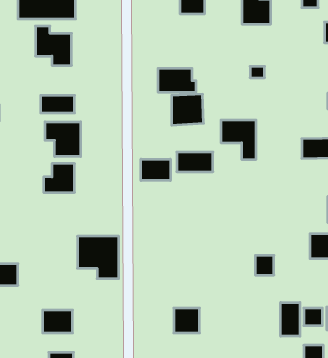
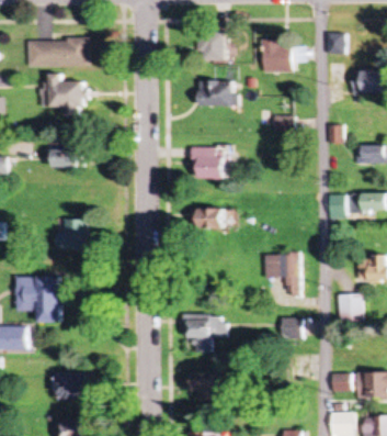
building: [158,68,196,92] -> [198,80,239,105]
building: [221,120,256,159] -> [262,254,299,295]
building: [45,122,81,157] -> none
building: [141,159,170,181] -> none
building: [77,236,119,279] -> [16,277,60,322]
building: none -> [181,314,226,353]
building: [281,302,300,336] -> none

